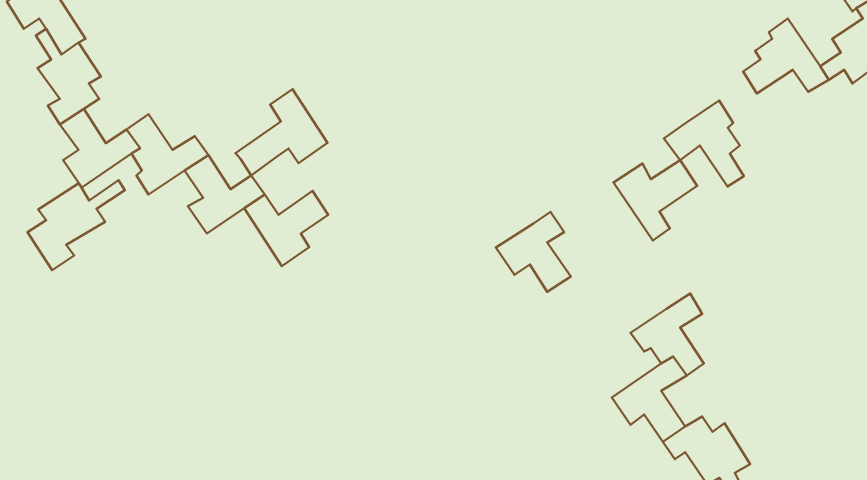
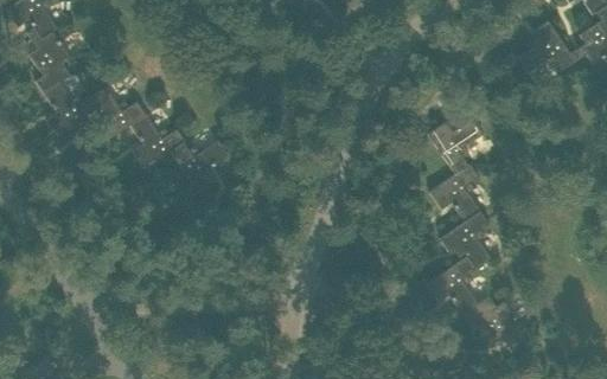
building: [235,89,327,176] -> none
building: [664,100,744,187] -> none
building: [28,180,125,270] -> none
building: [496,212,571,292] -> [429,165,481,220]

